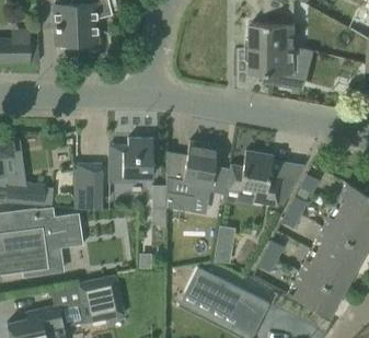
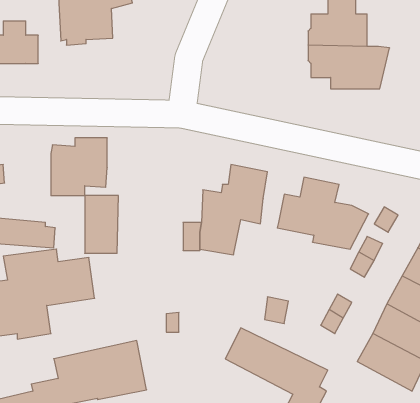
building: [109,139,153,184] -> [51,138,107,196]

